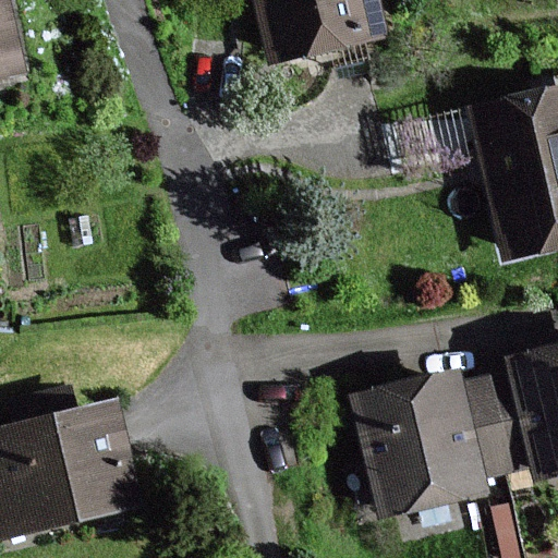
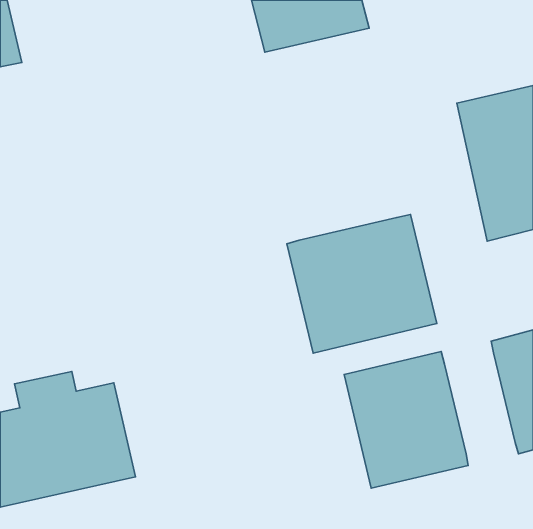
building: none -> [287,214,437,353]
building: [464,373,538,478] -> none

